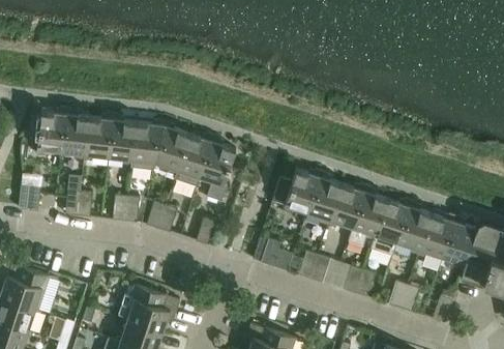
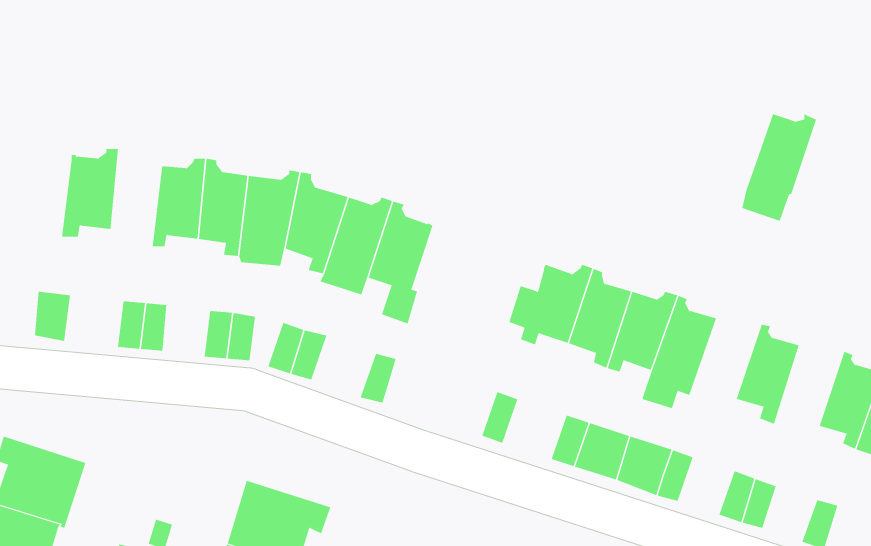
building: [62,108,89,161] -> none
building: [370,199,411,257] -> [742,114,817,222]
building: [418,213,455,258] -> none

